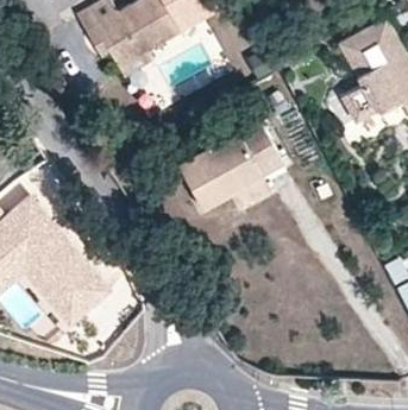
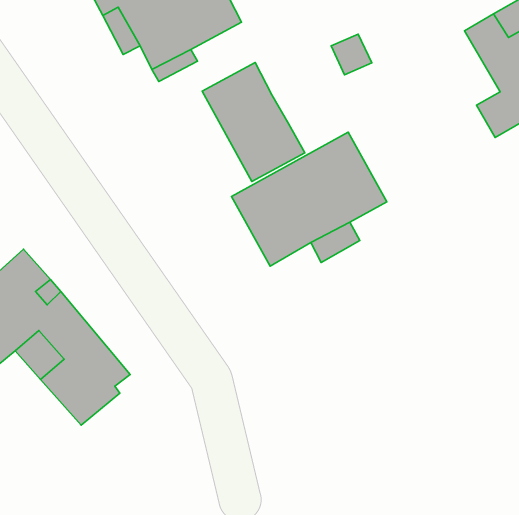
building: none -> [202,62,305,181]

